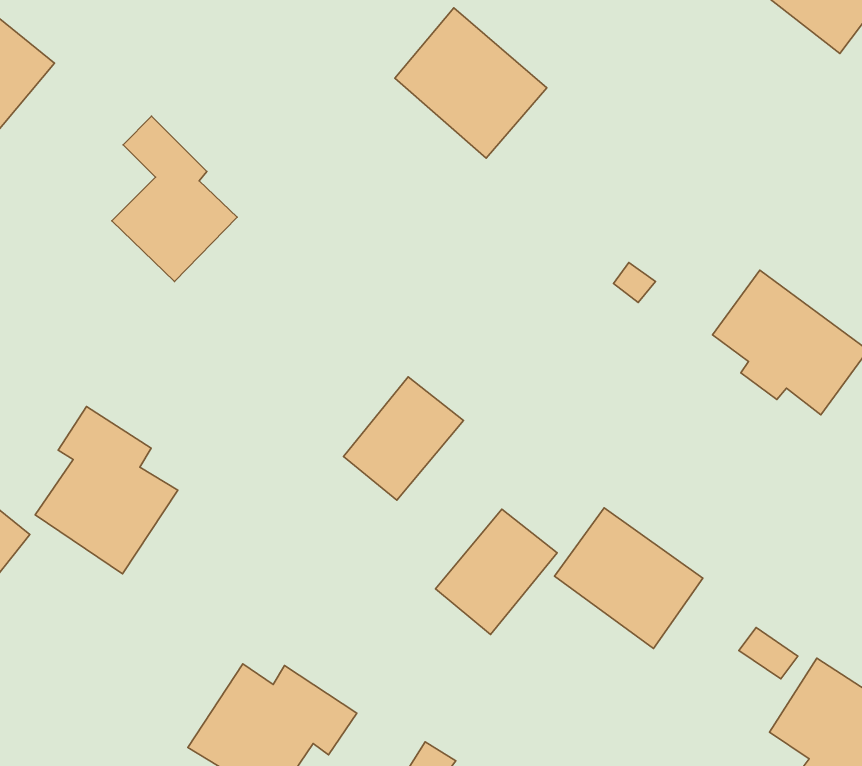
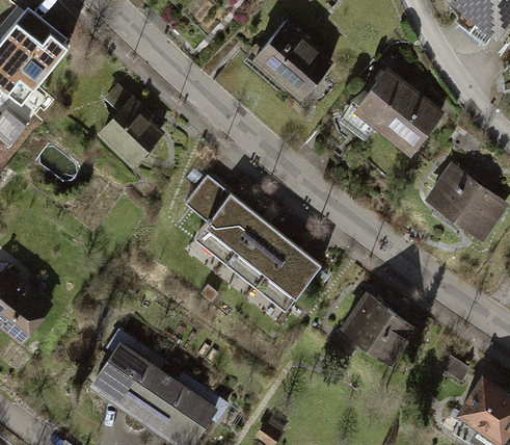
building: none -> [346,64,449,157]
building: none -> [184,178,260,263]
building: [35,406,178,574] -> [91,331,169,422]
building: [435,509,557,635] -> [253,243,320,312]

